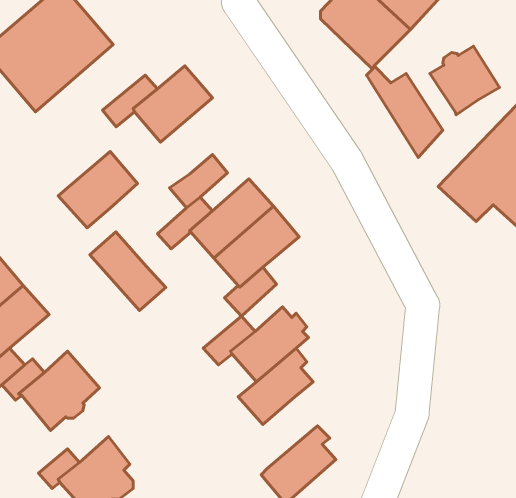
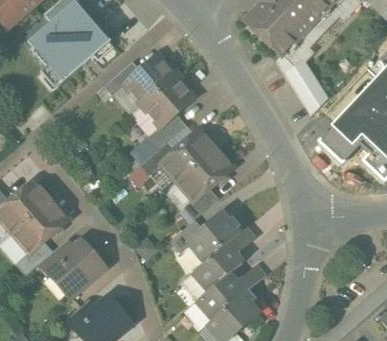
building: [430,46,500,115] -> none
building: [58,152,138,228] -> [142,76,194,126]
building: [90,232,166,311] -> none
building: none -> [197,272,250,319]

